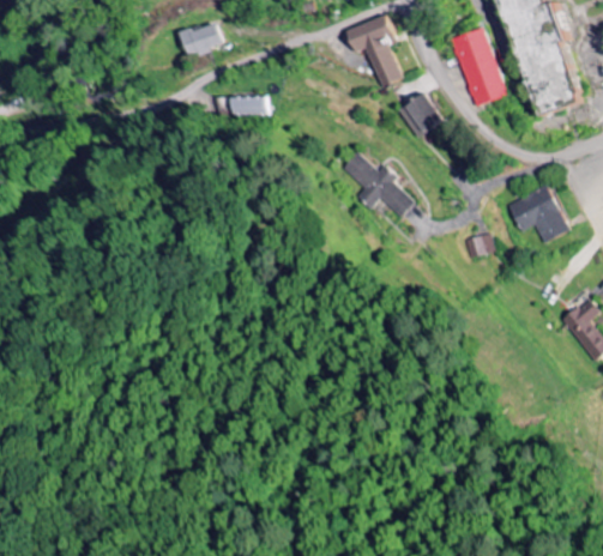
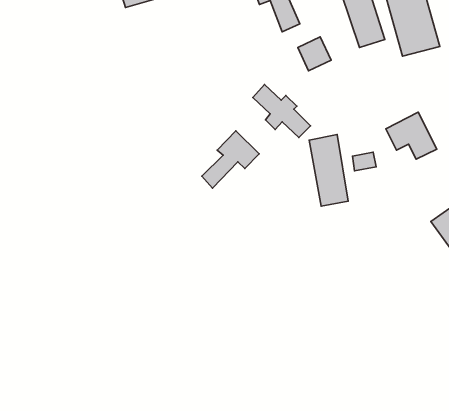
building: [231,96,270,115] -> none
building: none -> [202,131,259,188]
building: none -> [309,134,348,206]

